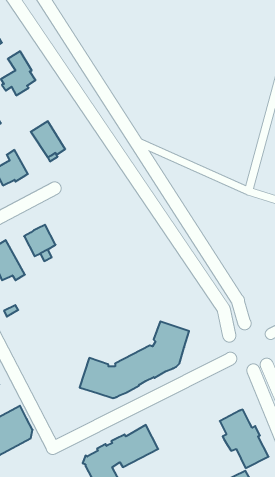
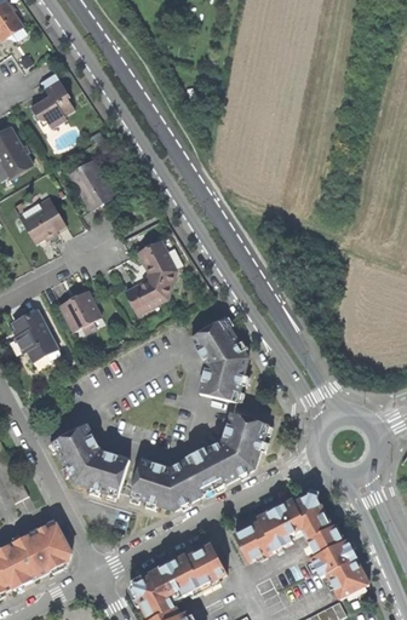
building: none -> [125,239,177,314]
building: none -> [190,317,247,401]
building: none -> [52,423,128,495]
building: none -> [234,488,332,561]

